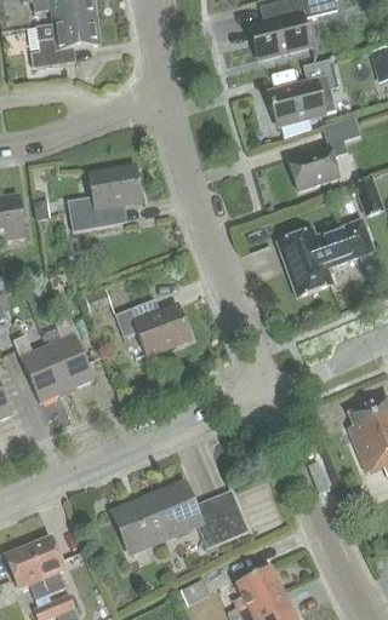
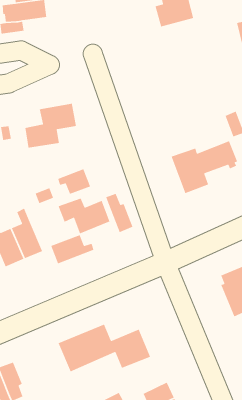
building: [269,58,338,125] -> none
building: [287,116,360,191] -> none
building: none -> [57,168,91,195]
building: none -> [105,193,133,233]
building: none -> [50,234,94,264]

